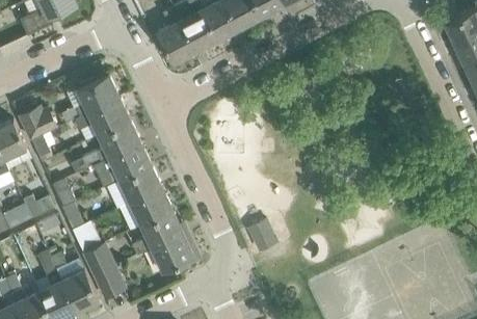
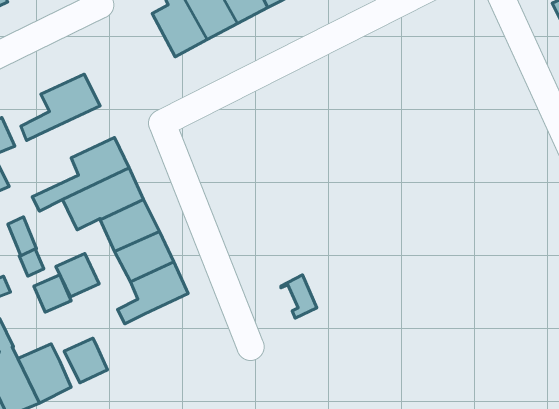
building: [75,99,130,136] -> none
building: [152,234,201,271] -> none
building: [83,244,114,275] -> [56,254,99,297]

